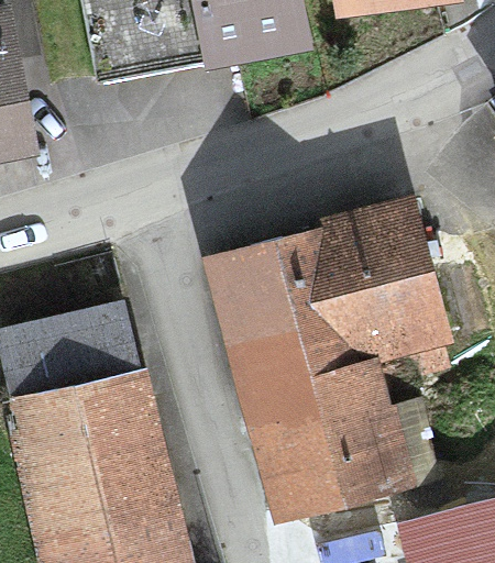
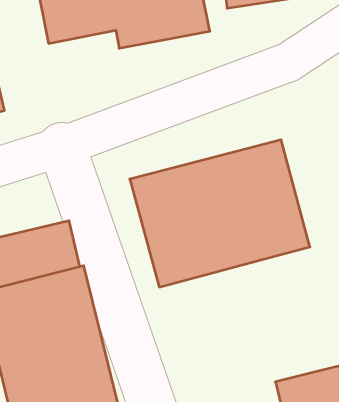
building: [244,357,414,525] -> none

